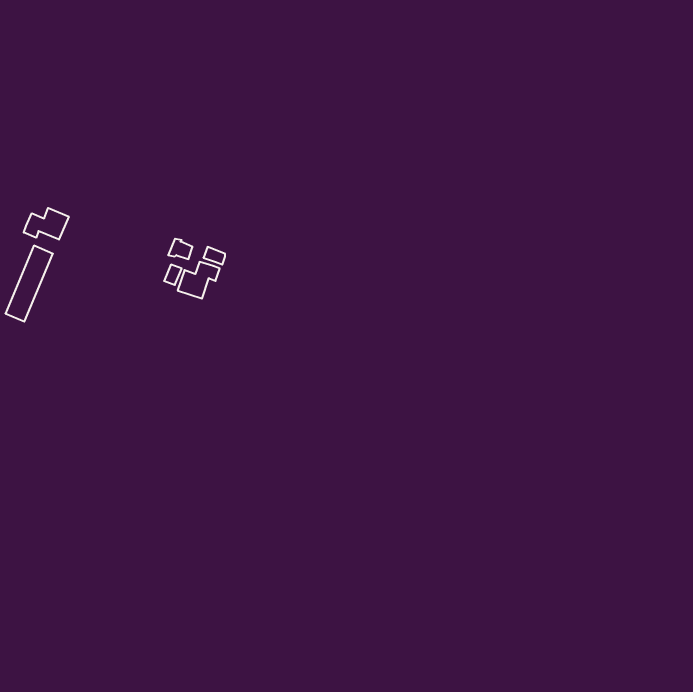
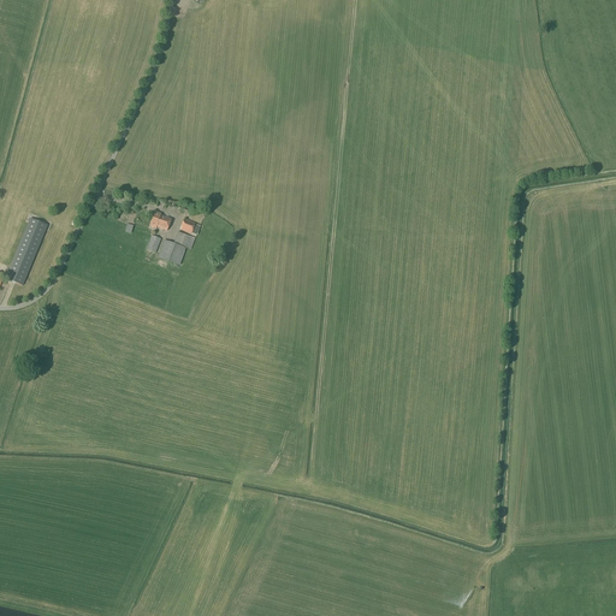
building: [24,208,69,240] -> none

